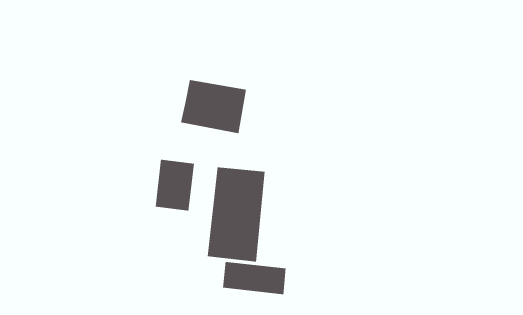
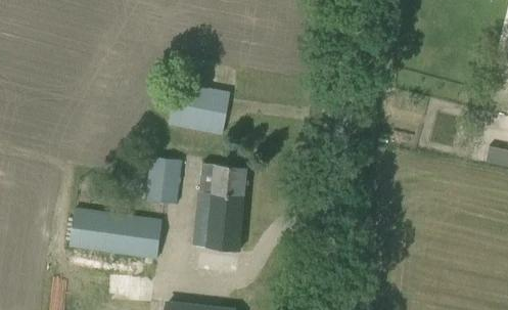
building: none -> [68,208,161,258]
building: [223,261,286,295] -> none

